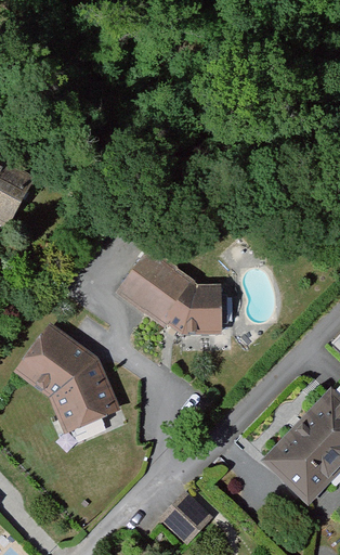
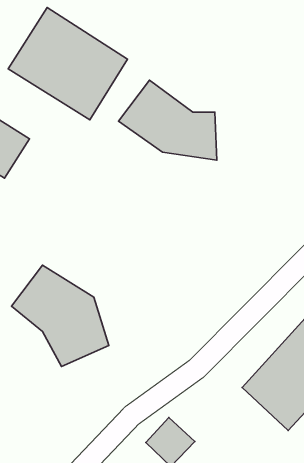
building: none -> [8,8,128,120]
building: [117,247,223,334] -> [119,80,217,160]

